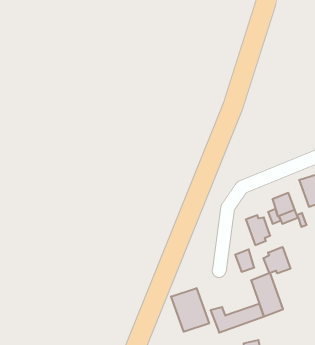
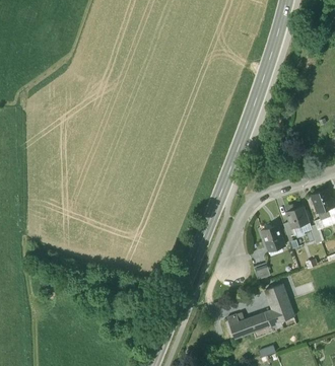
building: [263,247,290,273] -> none
building: [171,288,209,332] -> none

